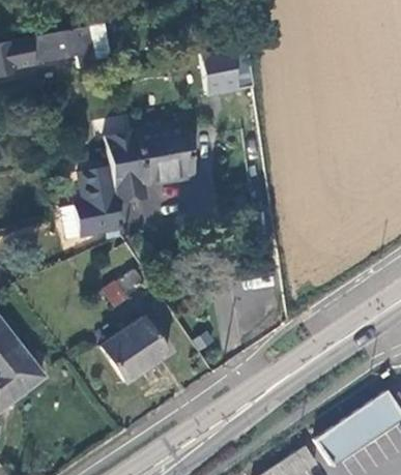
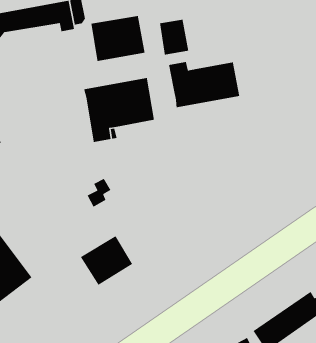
building: none -> [91,15,146,62]
building: none -> [168,61,240,108]
building: [66,169,124,242] -> none

